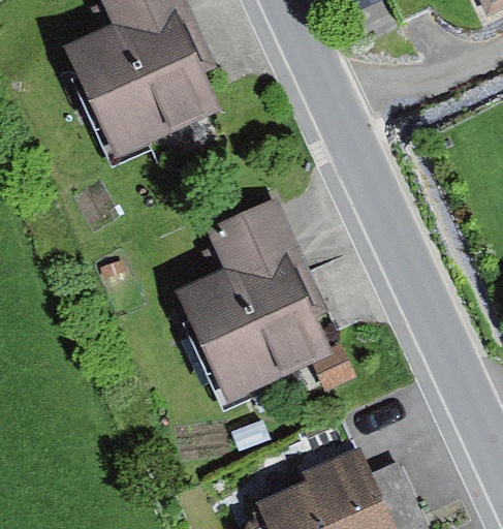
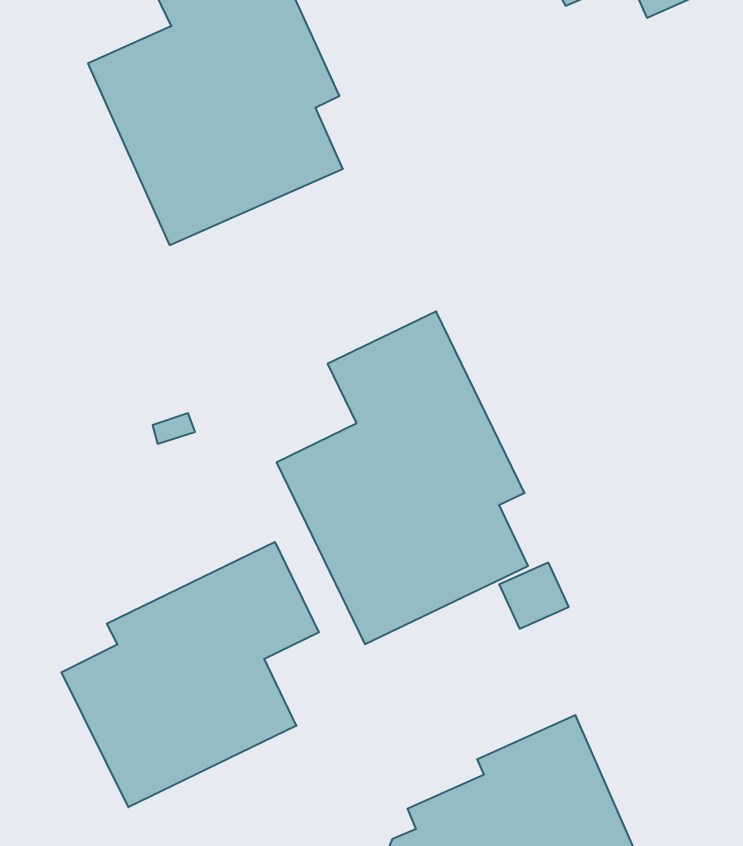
building: none -> [62,542,319,807]

